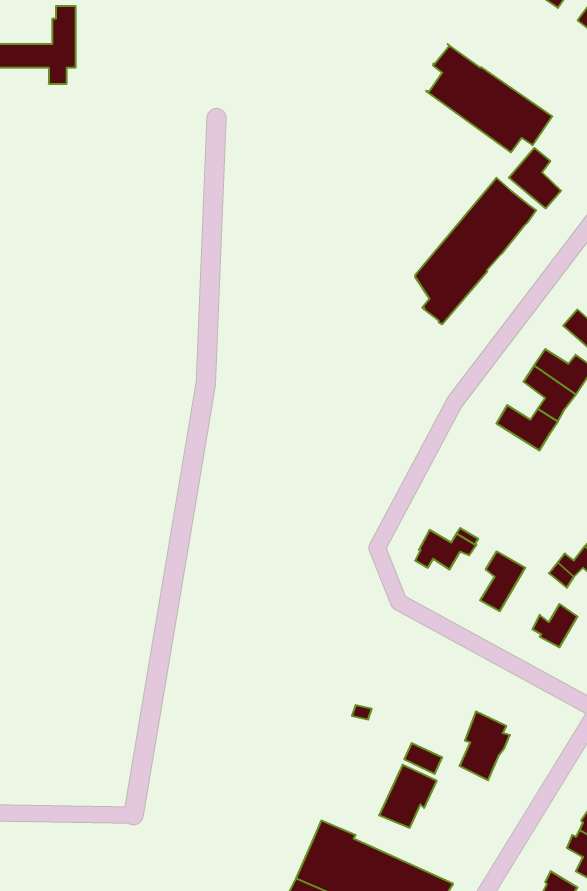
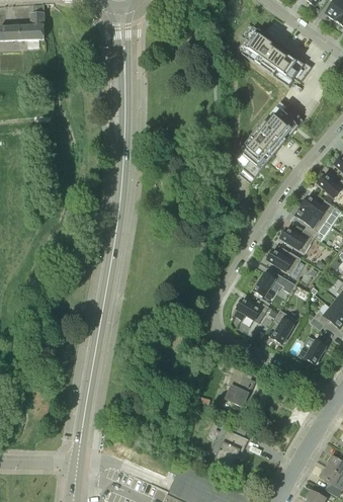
building: [509,148,561,208] -> none
building: none -> [267,249,302,274]
building: none -> [254,272,295,299]
building: [459,712,510,780] -> [226,367,254,406]

